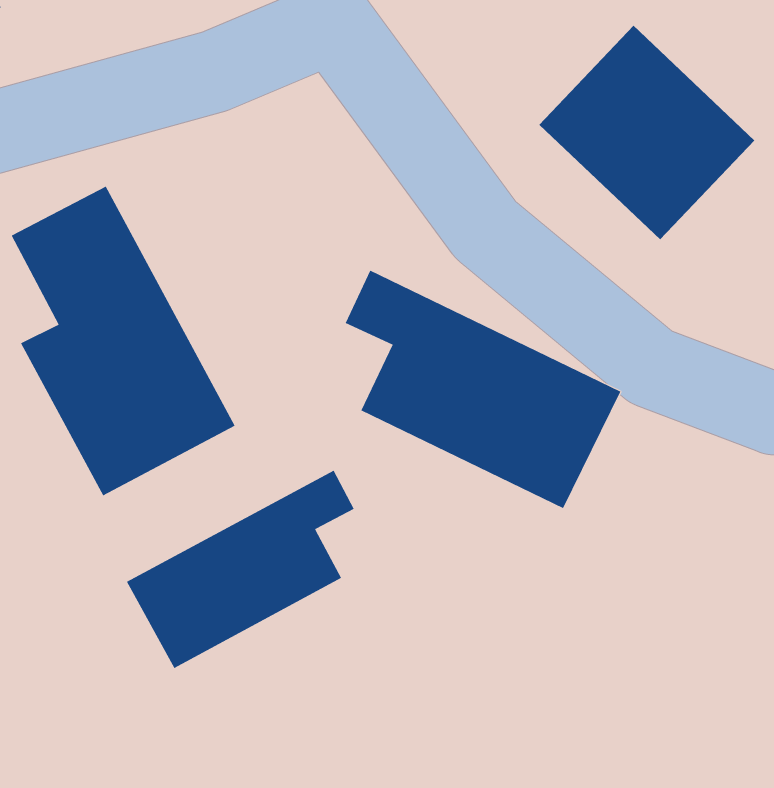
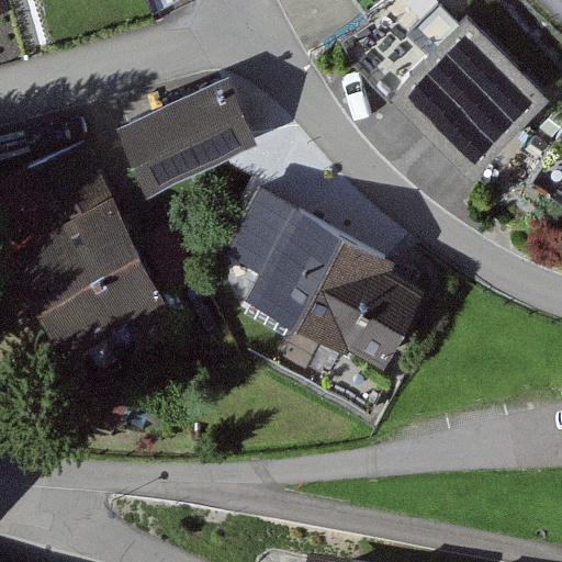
building: none -> [121,78,252,190]
building: [126,470,355,669] -> none

